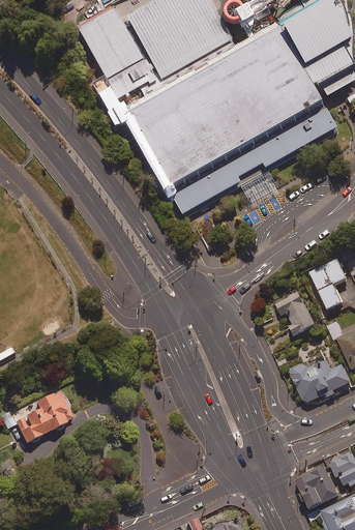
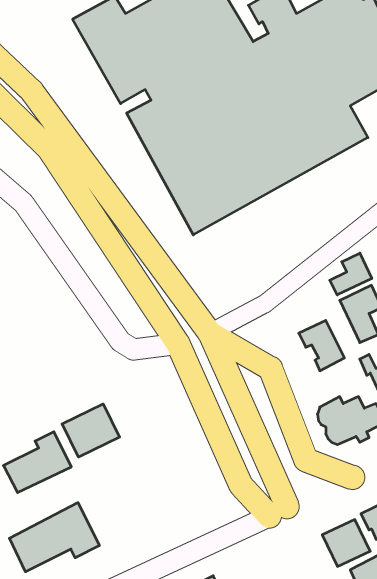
building: none -> [330,253,372,295]
building: none -> [62,404,120,457]
building: none -> [9,503,99,572]

